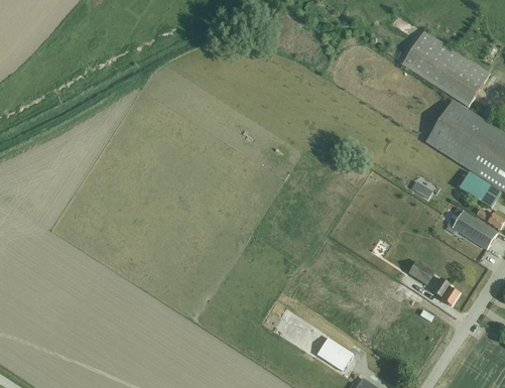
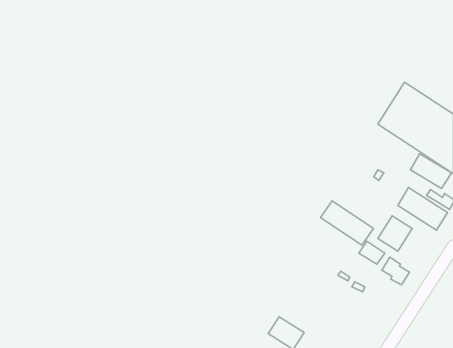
building: [402,29,490,106] -> none
building: none -> [320,201,374,245]
building: none -> [378,216,412,251]

